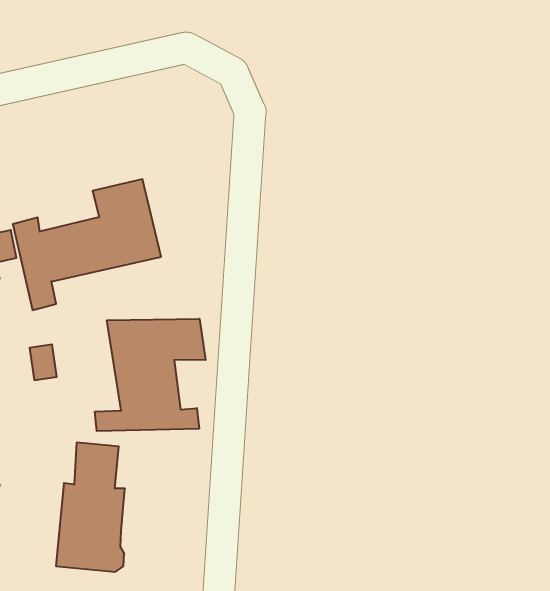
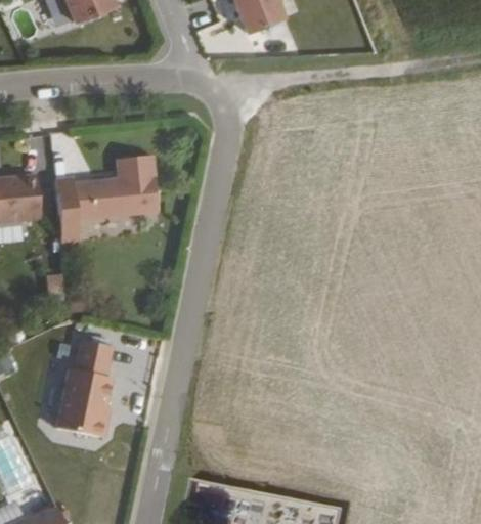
building: [95,319,206,431] -> none

